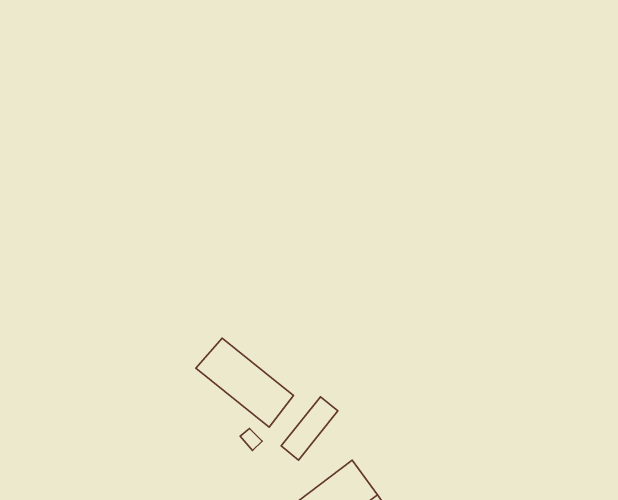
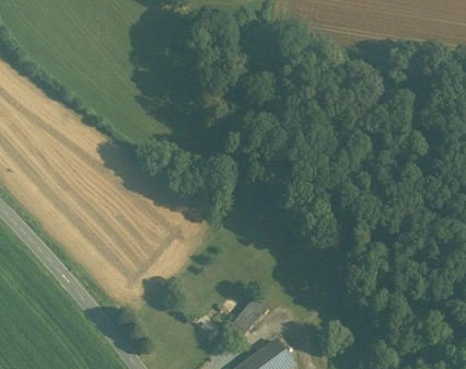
building: [196,338,293,427] -> none

